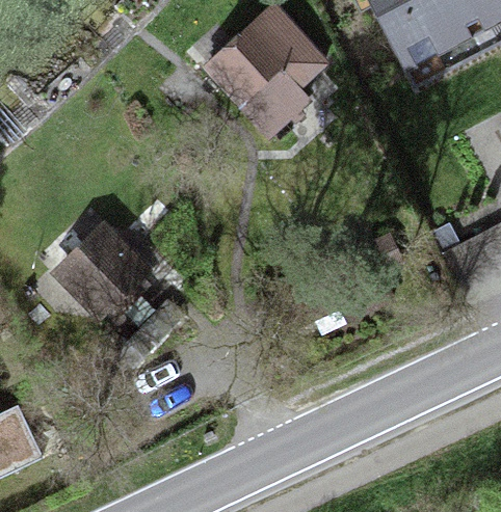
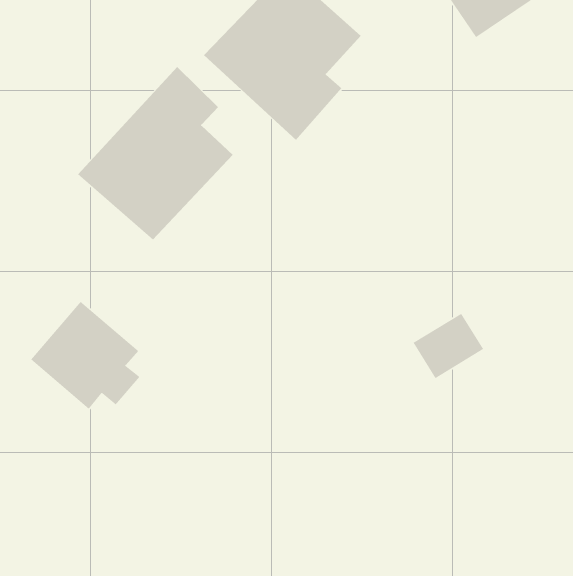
building: none -> [77,66,233,241]

